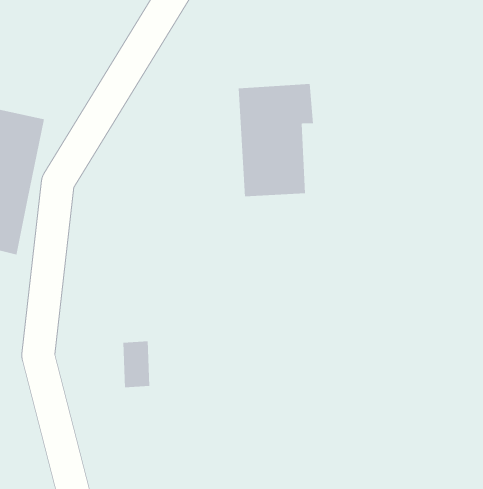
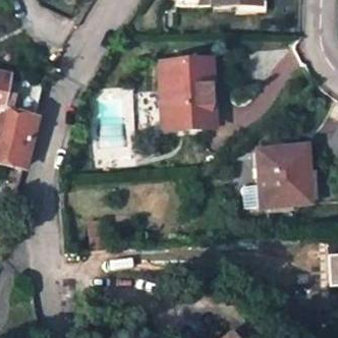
building: none -> [259,147,306,206]

